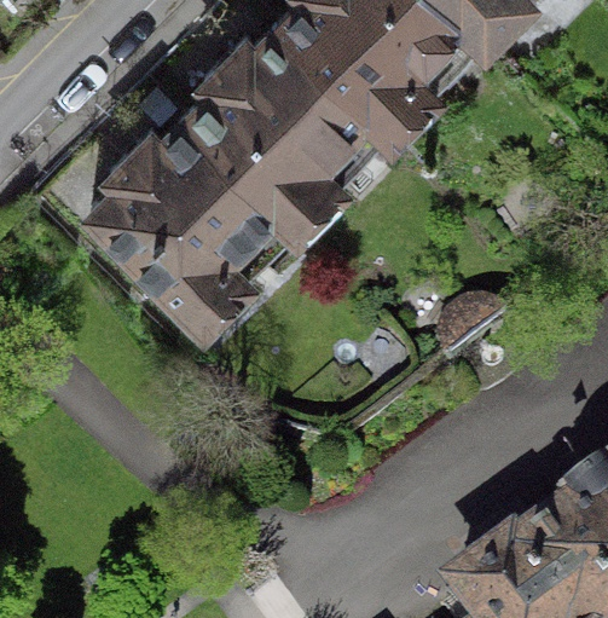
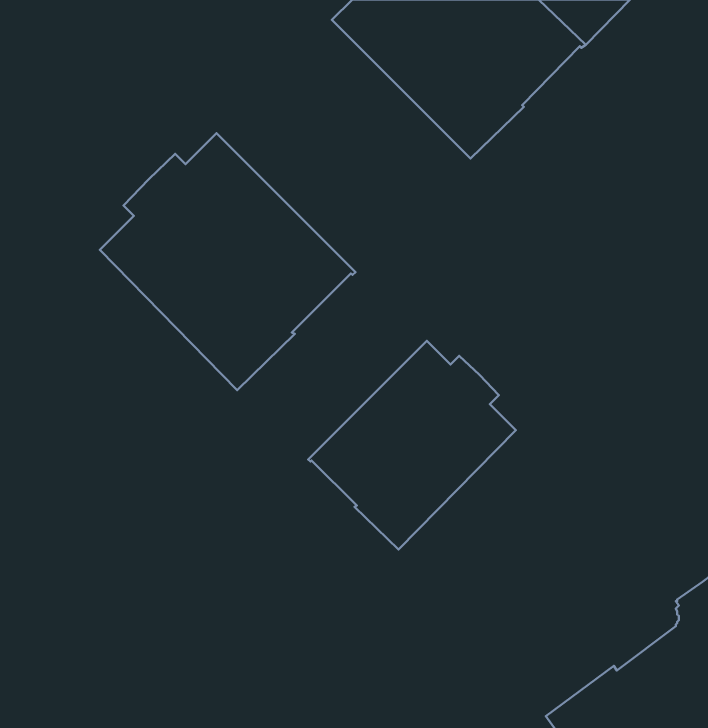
building: [186,18,394,225] -> none
building: none -> [308,341,516,550]

